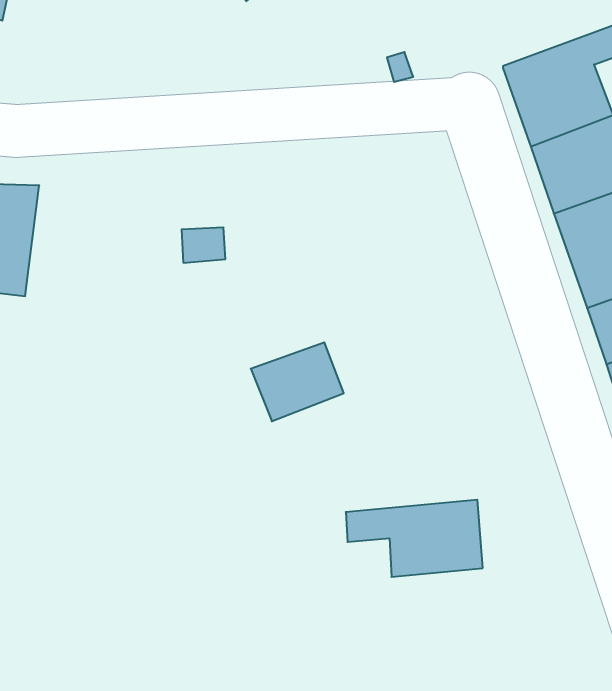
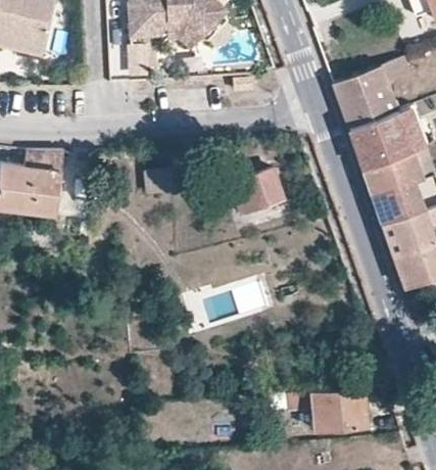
building: [251,342,344,421] -> [230,171,284,217]
building: [346,500,483,577] -> [287,387,367,432]

